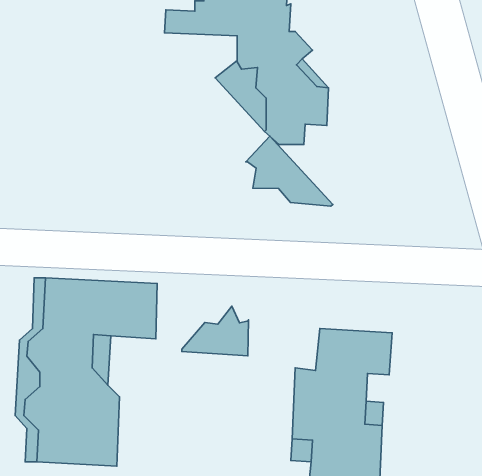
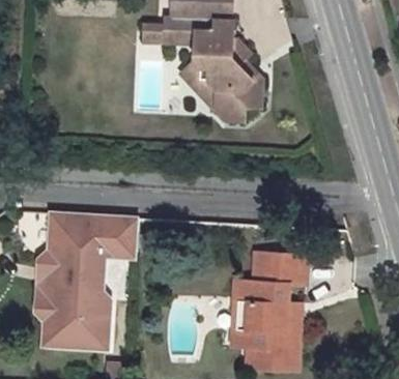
building: [246,136,333,206] -> none
building: [182,306,248,356] -> none

